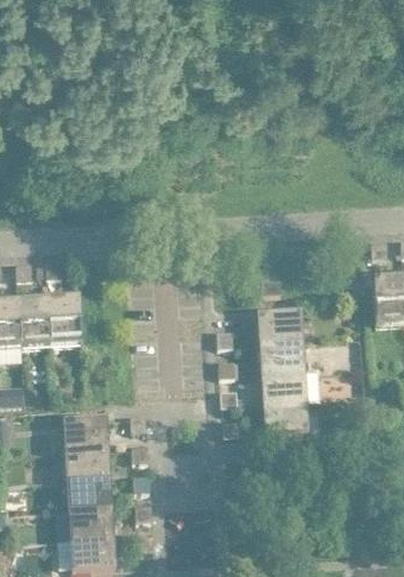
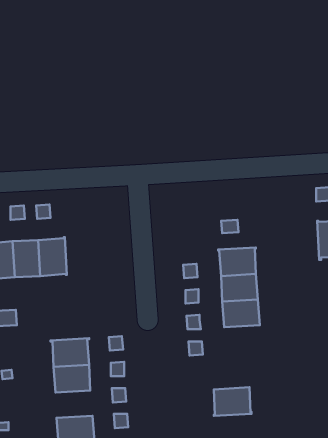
building: [264,400,308,433] -> [214,387,252,416]
building: [68,476,111,508] -> none

